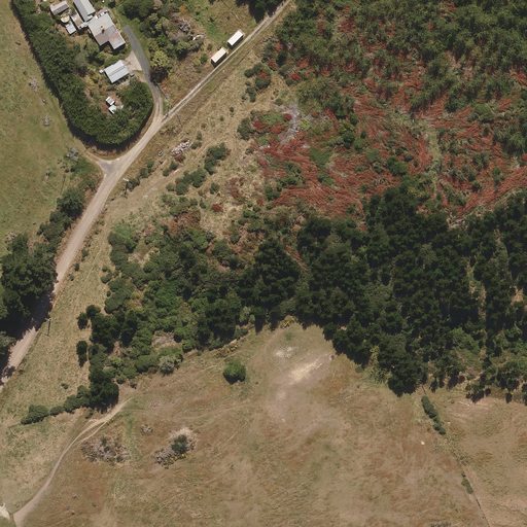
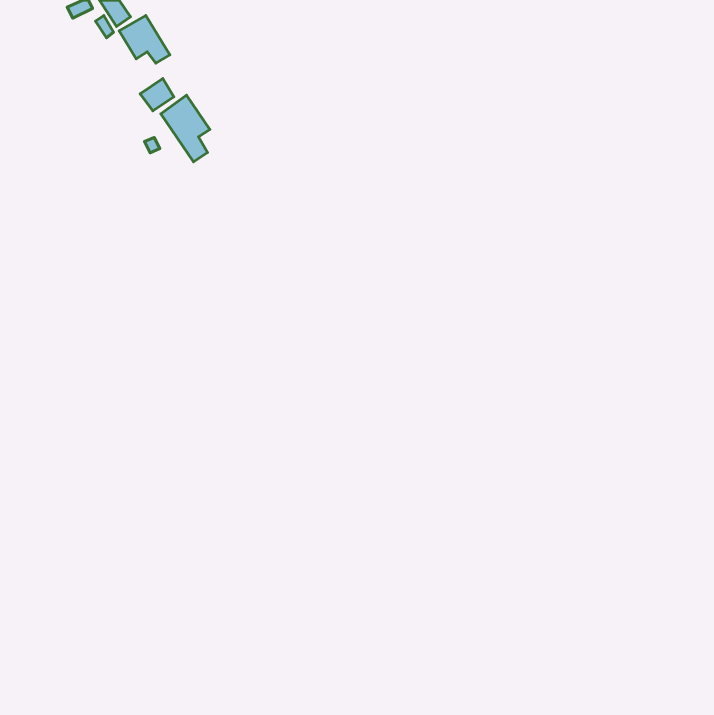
building: none -> [161,95,210,162]

